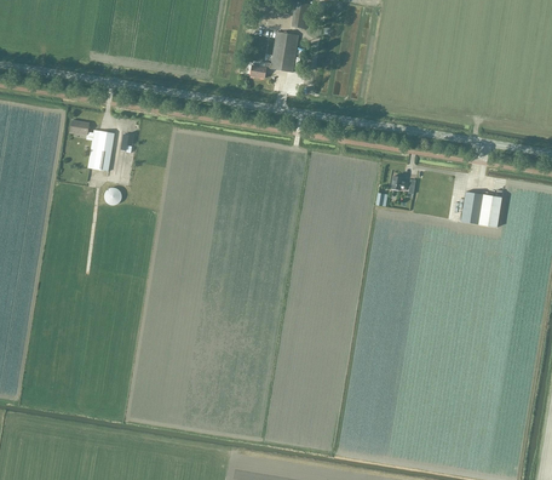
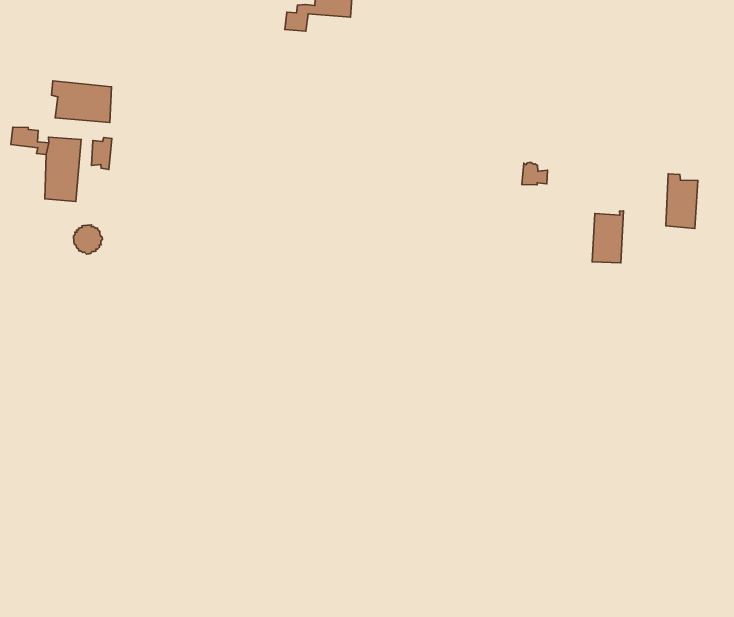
building: none -> [52,81,112,123]
building: [461,190,484,223] -> [592,211,623,263]

